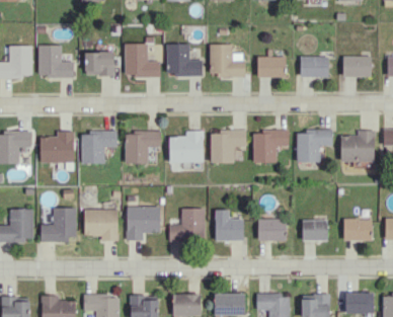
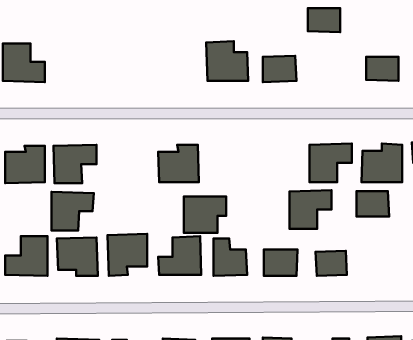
building: [125,44,160,77] -> none
building: [167,44,203,76] -> none
building: [85,52,114,76] -> none
building: [302,57,329,77] -> [308,8,340,32]
building: [253,130,289,162] -> [289,190,332,229]
building: [126,131,161,163] -> [52,192,94,230]
building: [211,131,246,161] -> [184,197,226,233]
building: [344,219,372,240] -> [357,191,389,217]

